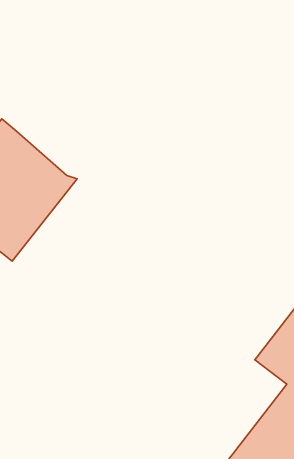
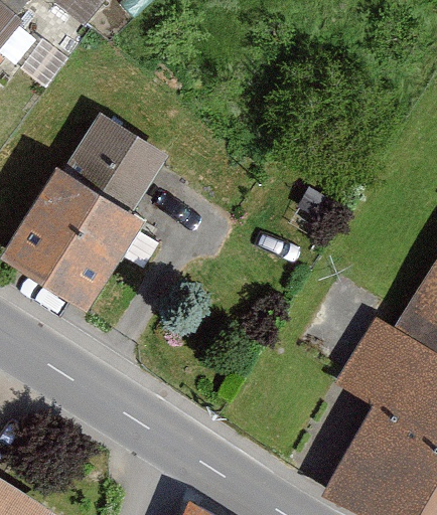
building: none -> [64,113,164,212]

